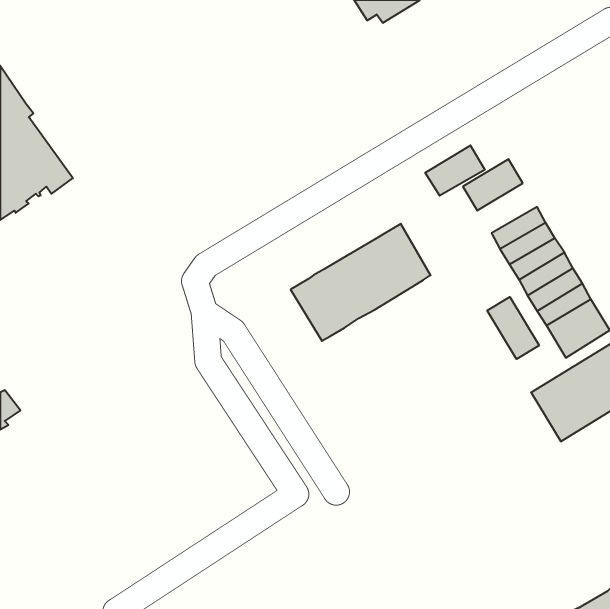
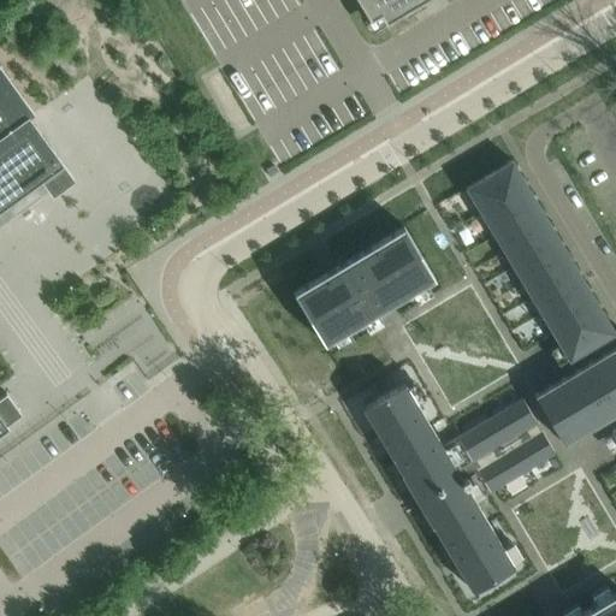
building: [425,145,485,196] -> [481,186,541,237]
building: [487,297,539,359] -> none
building: none -> [363,386,555,592]

